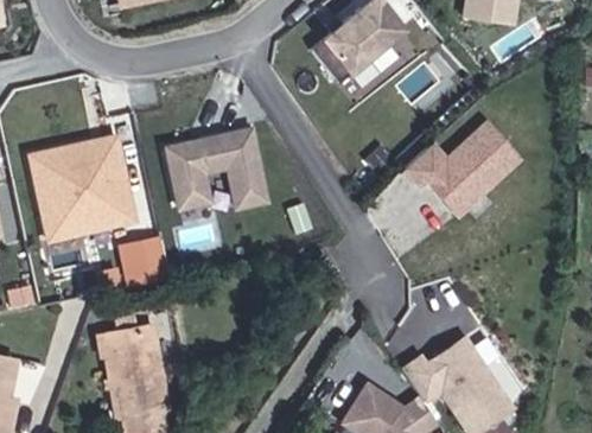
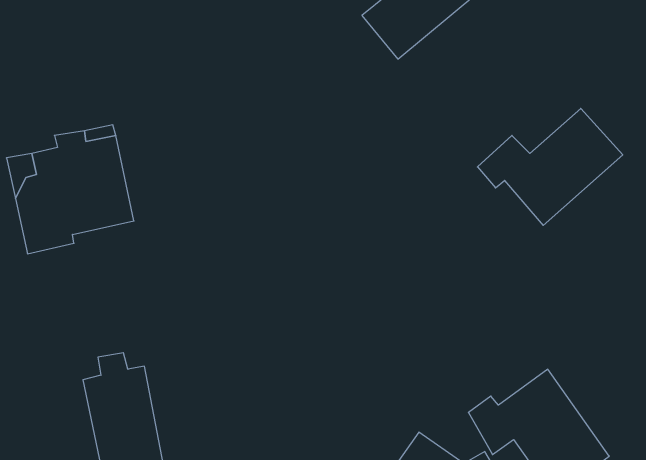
building: [163,126,266,212] -> none
building: [114,234,161,276] -> none

